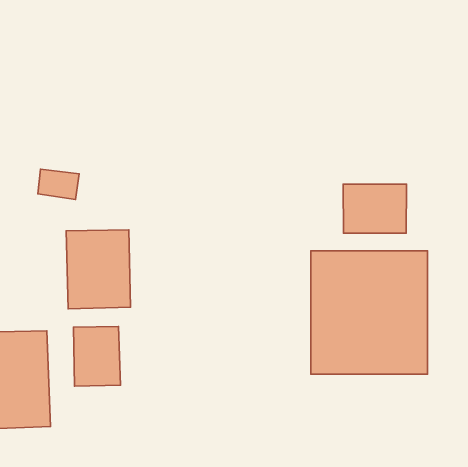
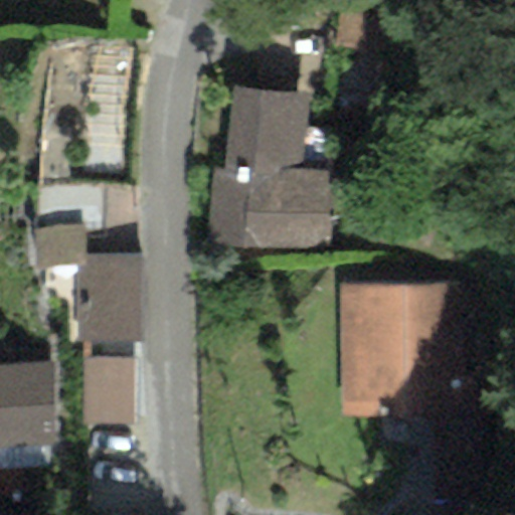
building: none -> [216,92,344,251]
building: [343,184,407,233] -> none

